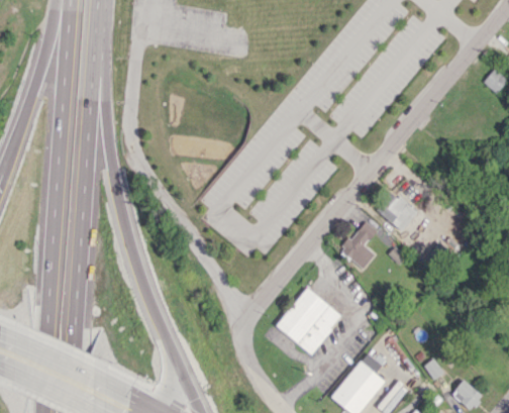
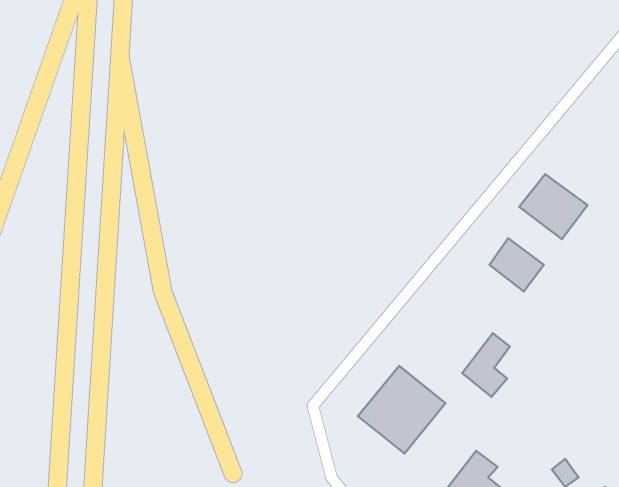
building: none -> [519,174,587,239]
building: [340,220,377,269] -> [462,333,510,397]

